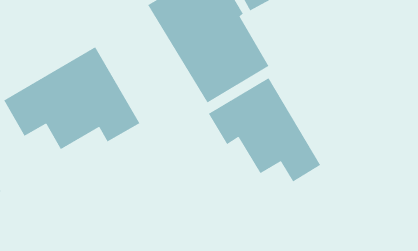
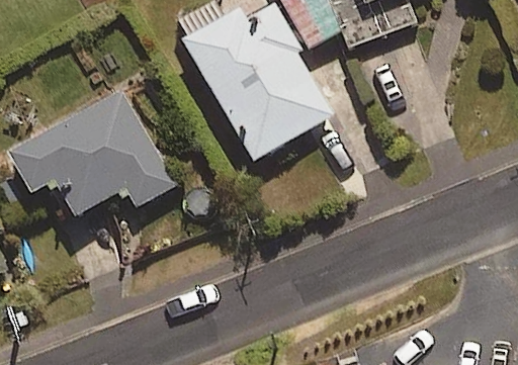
building: [208,77,321,183] -> none

